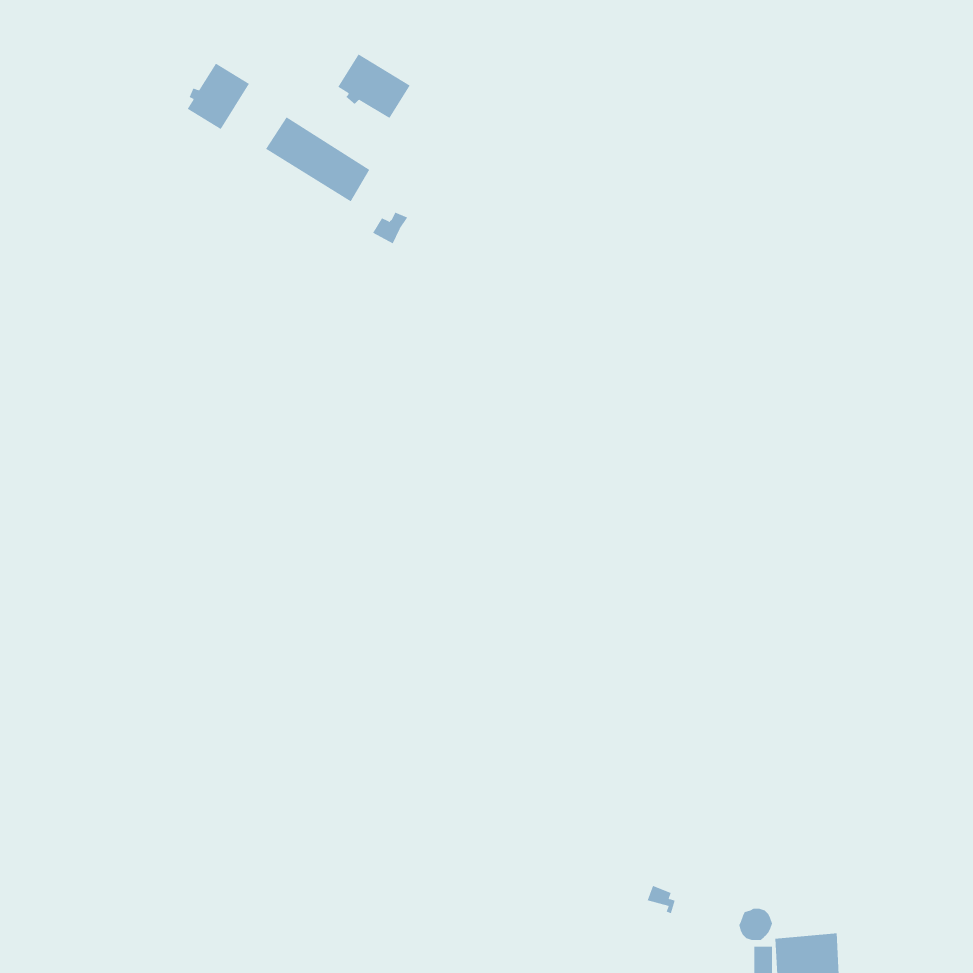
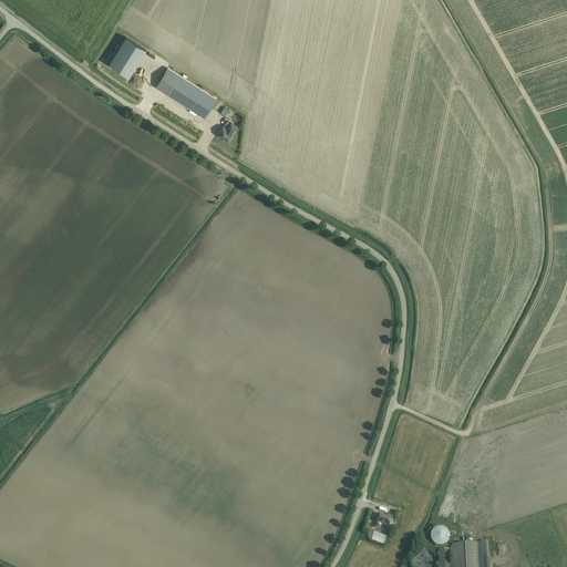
building: [338,54,410,119] -> none

